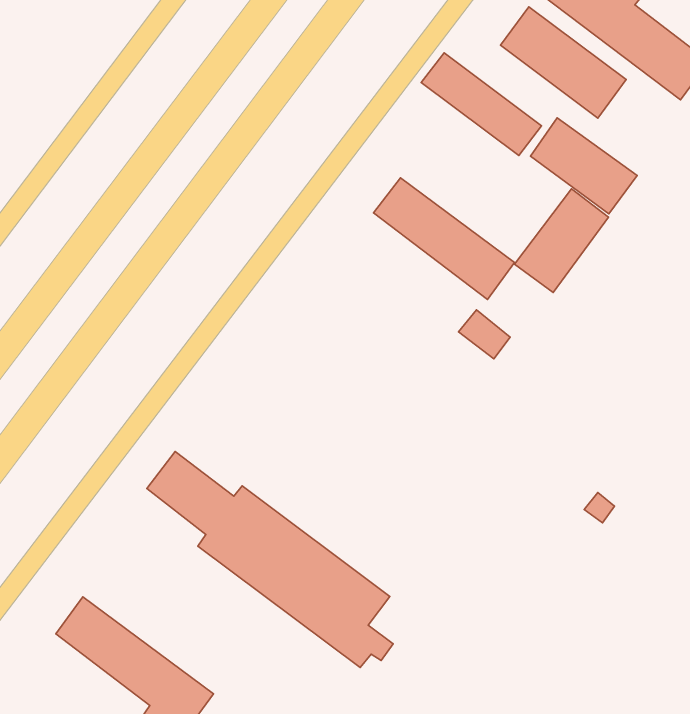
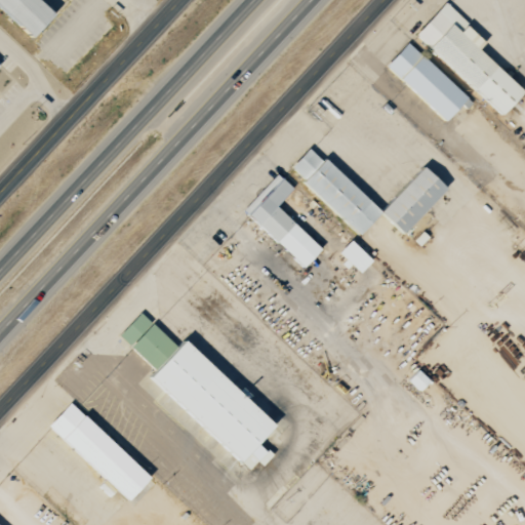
building: [421,53,542,156] -> none
building: [530,118,637,214] -> none
building: none -> [246,173,324,267]

